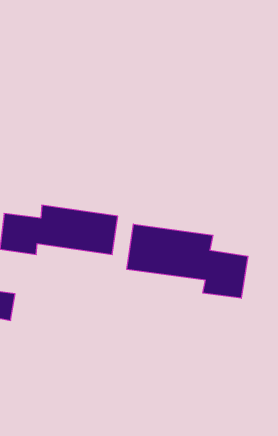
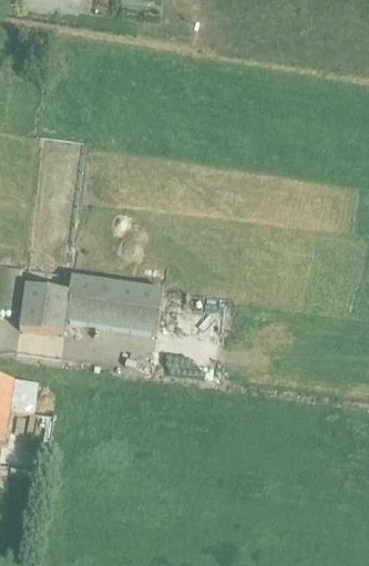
building: [127,224,248,298] -> none

